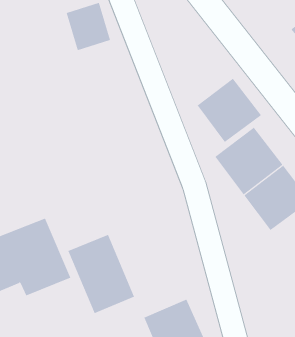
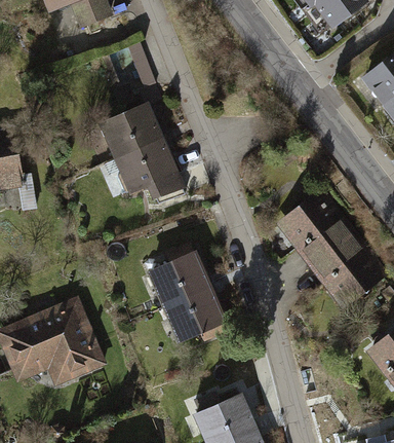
building: none -> [100,103,182,201]
building: [197,78,262,143] -> none
building: [68,234,135,314] -> [147,250,225,342]

